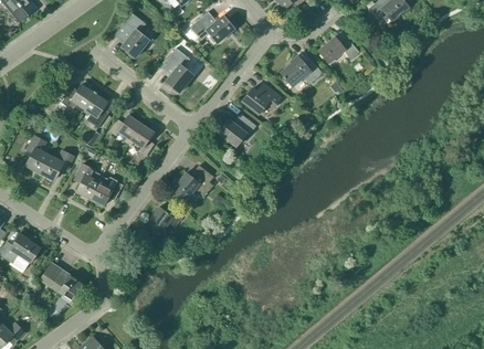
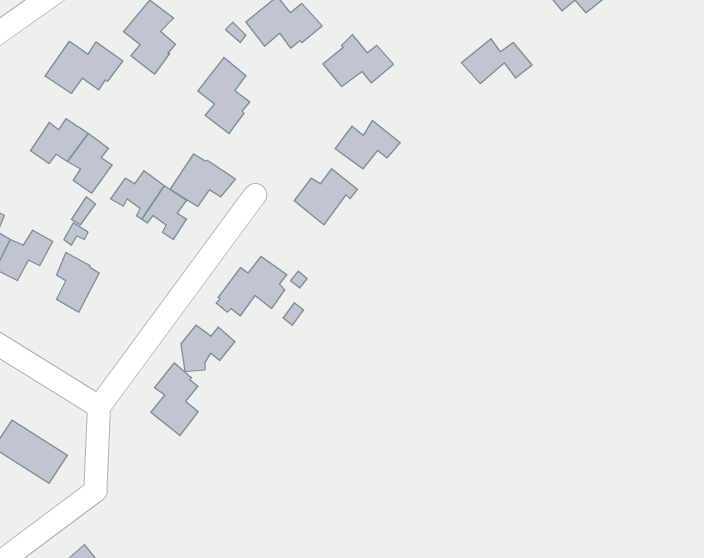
building: none -> [45,41,123,93]
building: [281,54,323,85] -> [323,34,393,86]
building: none -> [170,154,236,206]
building: [91,174,124,204] -> none
building: none -> [151,363,198,436]

